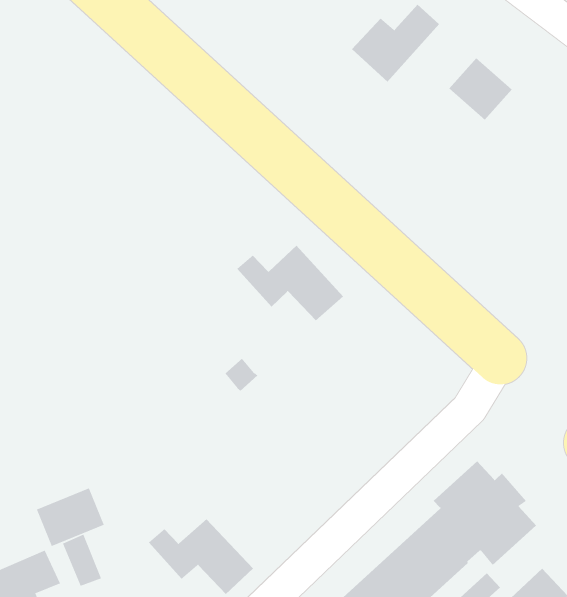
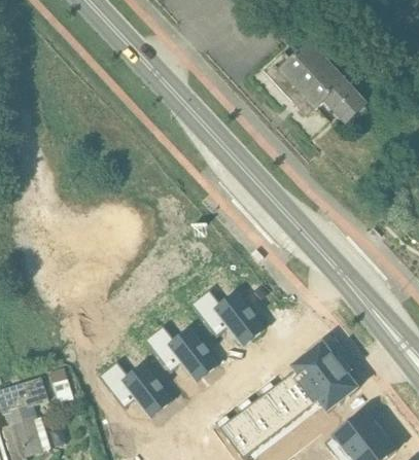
building: none -> [286,58,345,115]
building: [236,245,344,321] -> [198,292,266,343]
building: none -> [151,328,219,379]
building: [36,488,105,547] -> none

